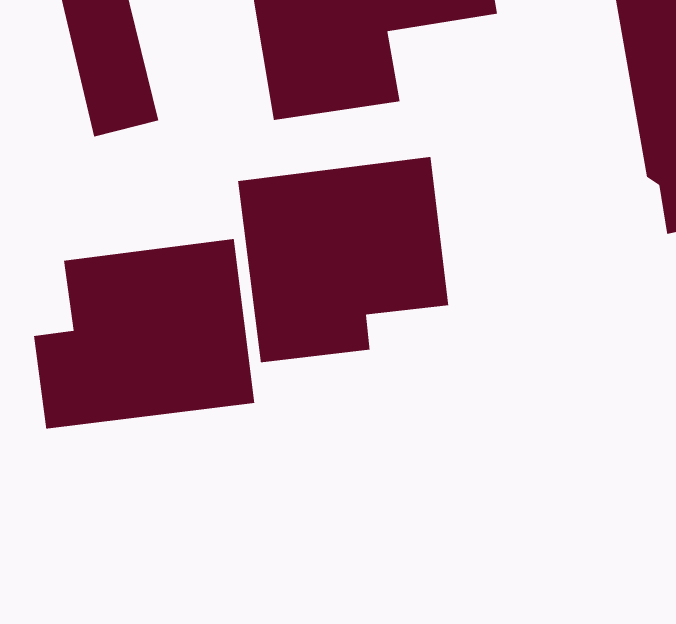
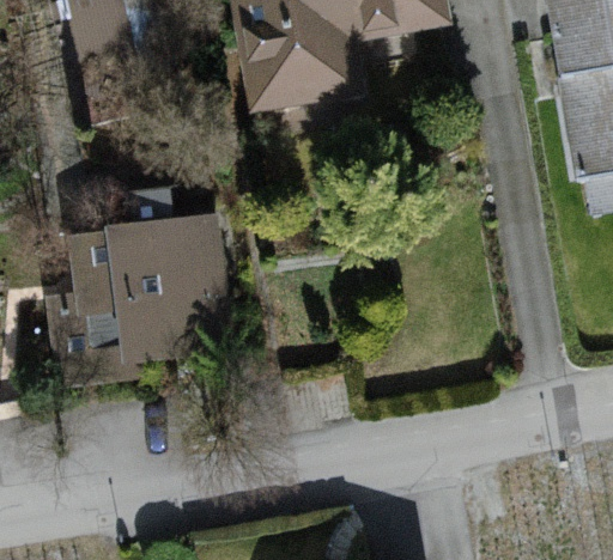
building: [238,156,449,363] -> none

